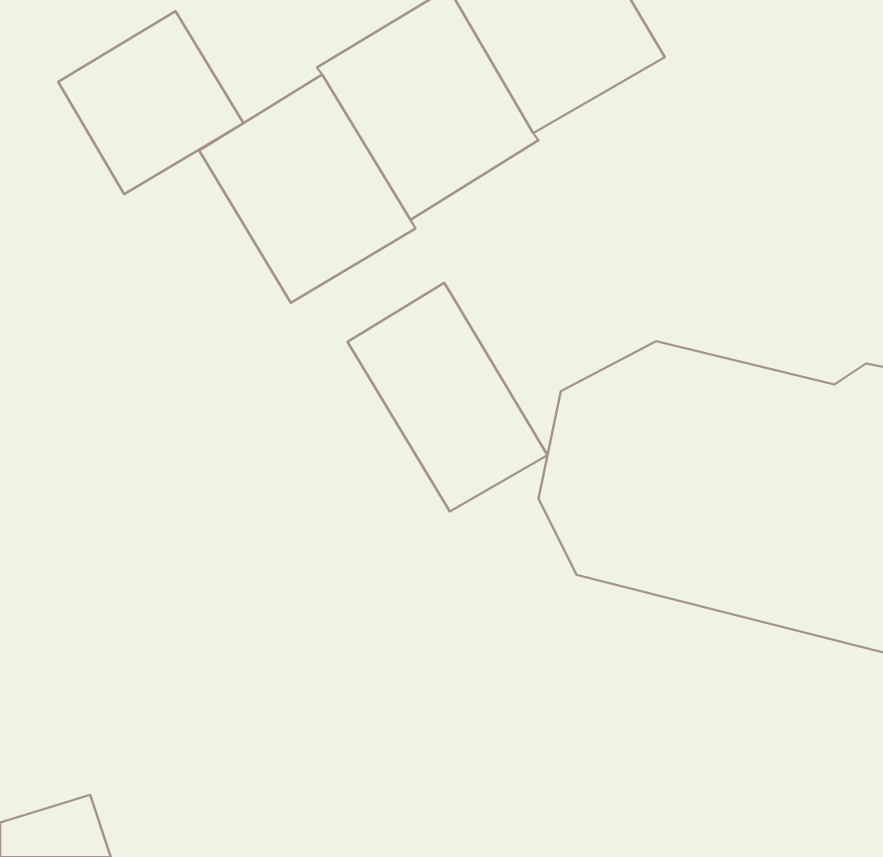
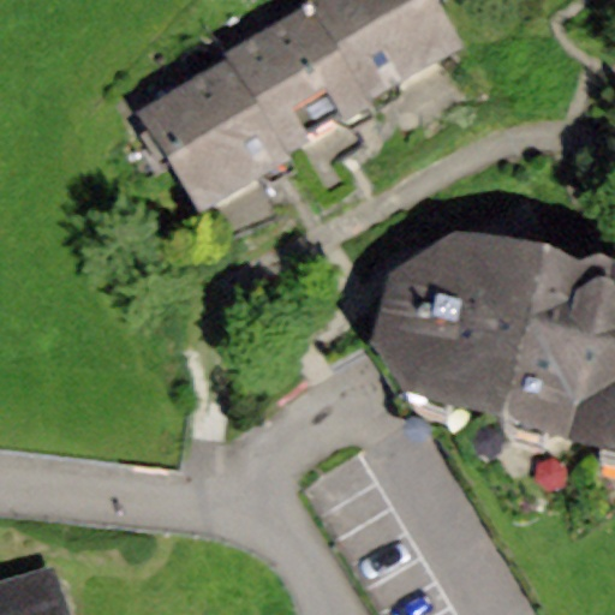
building: [58,11,243,194] -> none
building: [348,283,548,512] -> none

